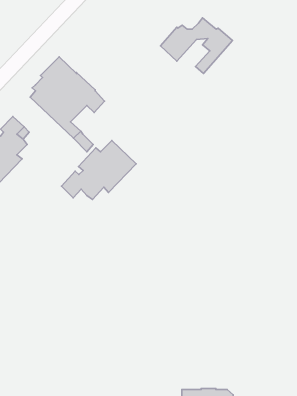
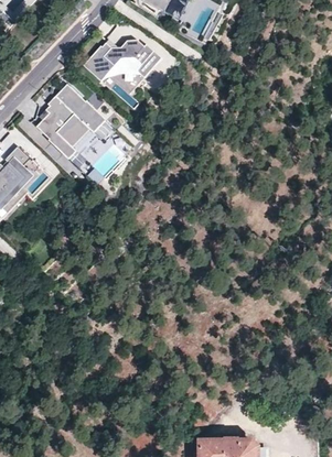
building: [160,18,233,74] -> [83,36,160,96]
building: [62,141,136,200] -> none

